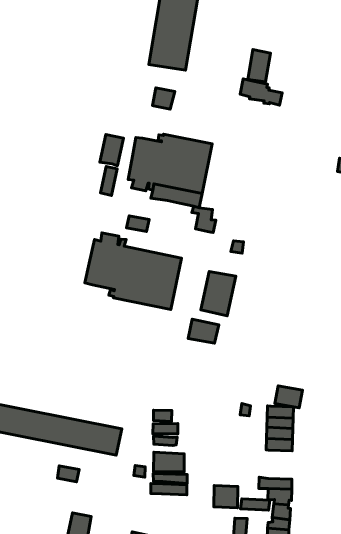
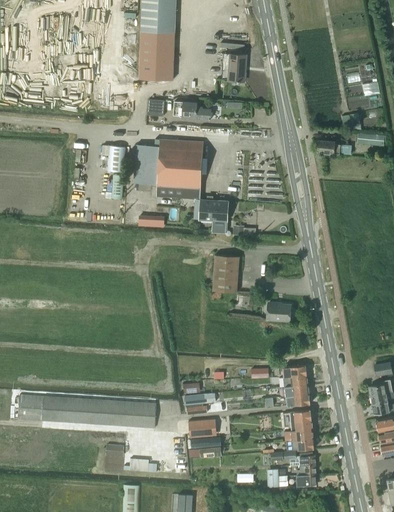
building: [240,79,282,105] -> [174,101,211,120]
building: none -> [200,197,229,233]
building: [85,233,181,310] -> none
building: [188,319,219,343] -> none
building: [275,386,303,408] -> [268,303,291,320]
building: [214,486,238,508] -> [290,410,313,431]

